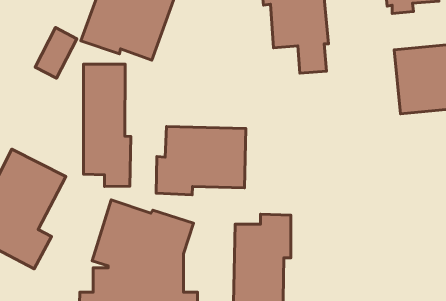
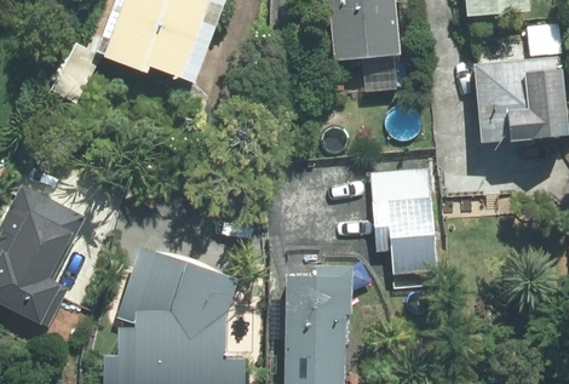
building: [83,64,131,186] -> none
building: [156,127,246,195] -> none
building: none -> [369,170,435,275]

